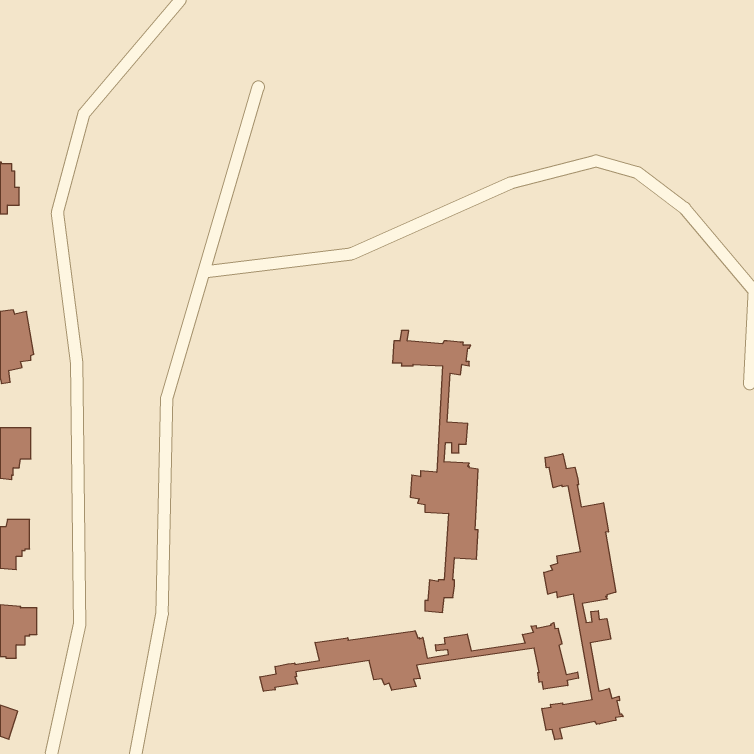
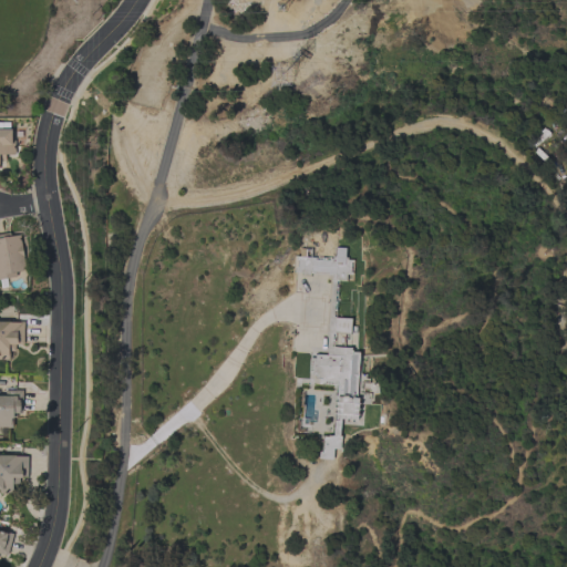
building: [542,454,623,740] -> none
building: [260,623,578,691] -> none

